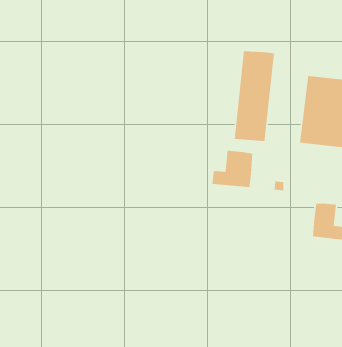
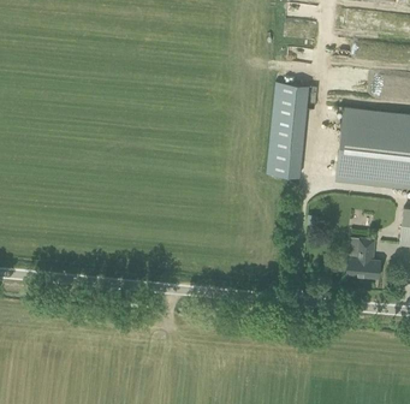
building: [211,150,253,188] -> none

